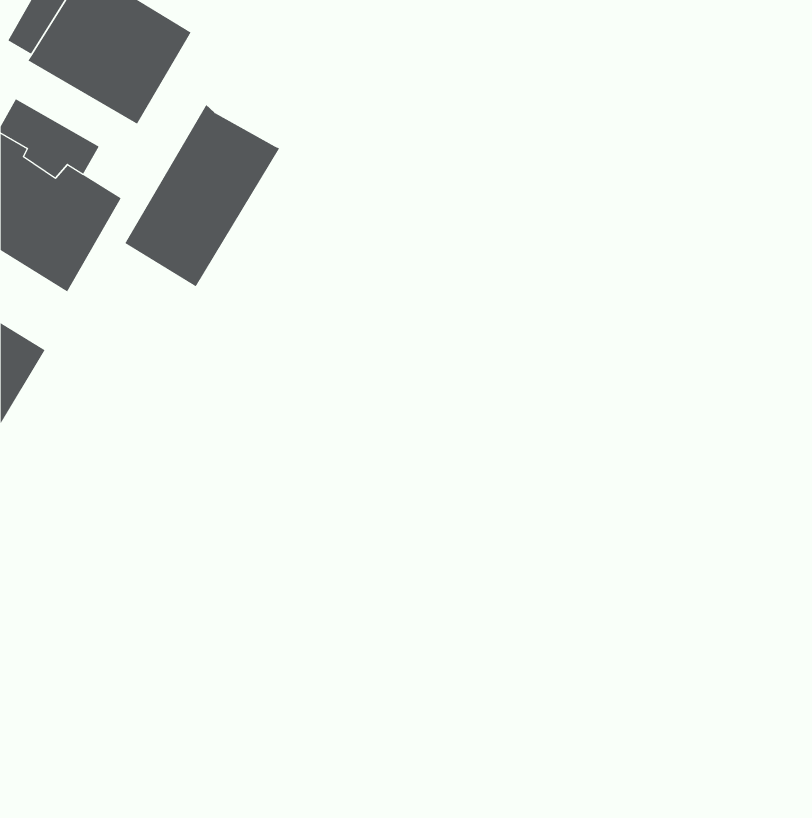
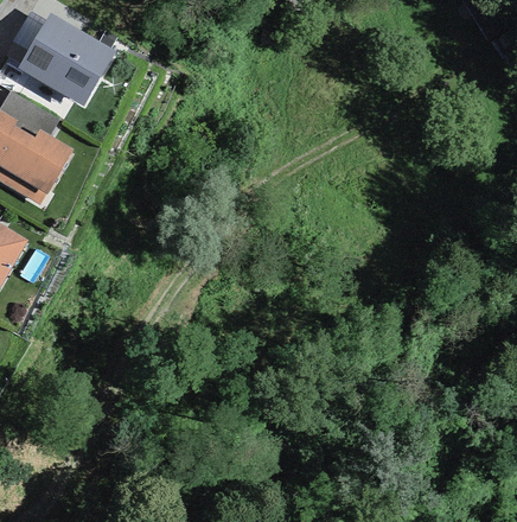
building: [124,104,280,287] -> none

